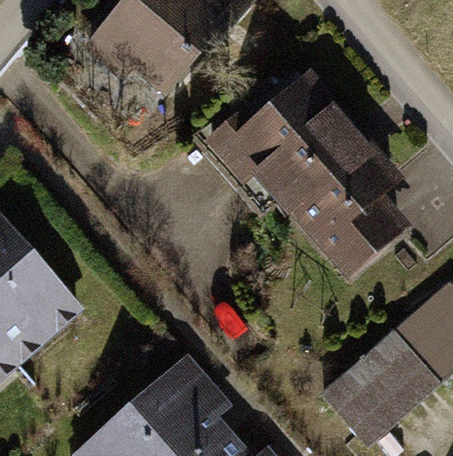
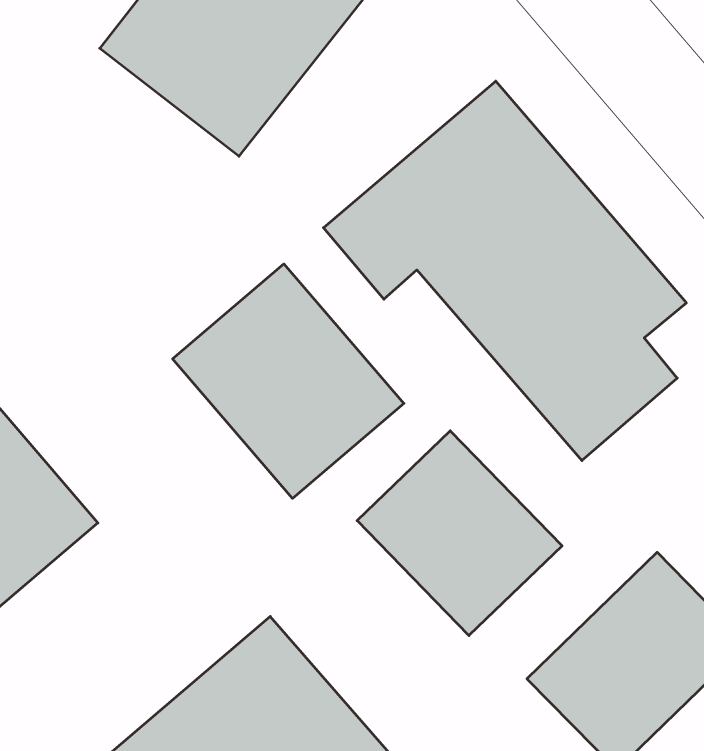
building: none -> [173,264,404,498]
building: none -> [357,431,562,636]

